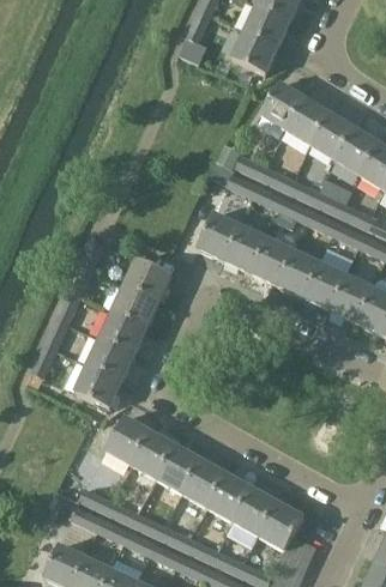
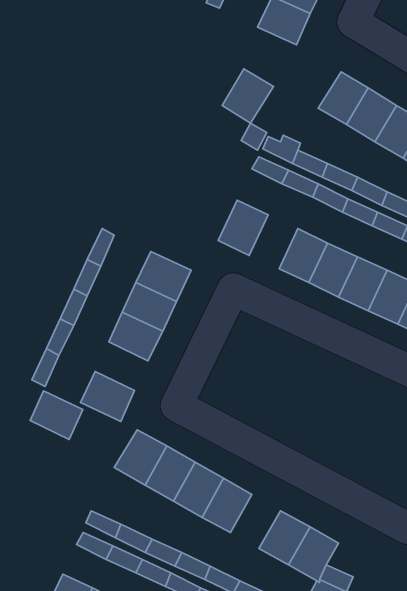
building: [260,81,306,129] -> [222,69,274,123]
building: [224,224,267,272] -> none
building: [88,337,134,380] -> [30,391,83,439]
building: [207,472,252,520] -> none

